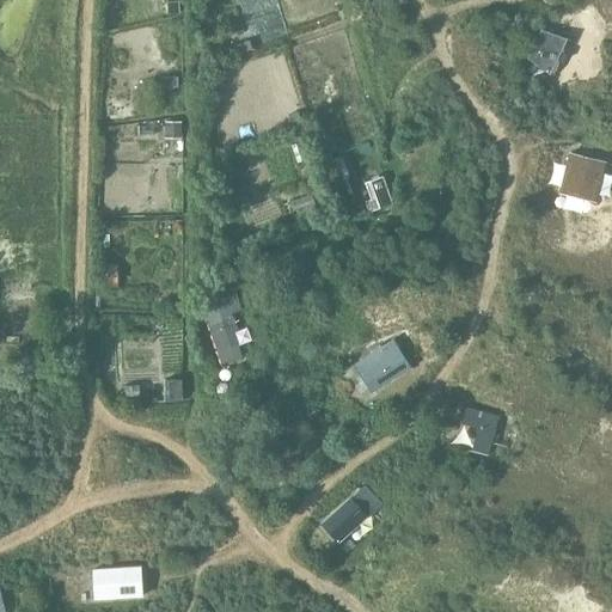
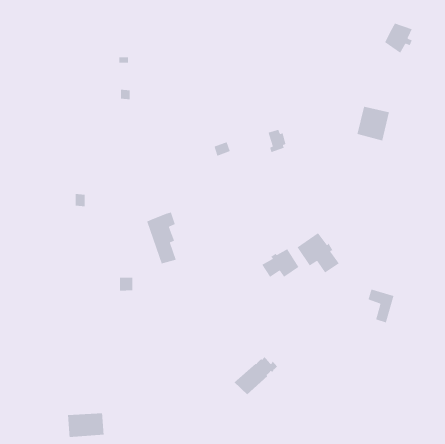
building: [559,154,605,203] -> [357,106,390,141]
building: none -> [297,232,340,273]
building: [461,406,498,454] -> [367,289,394,323]

